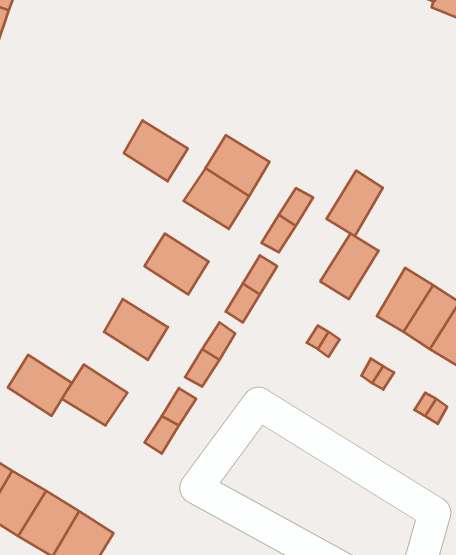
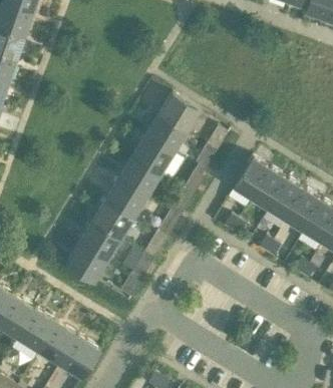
building: [124,120,188,181] -> [132,136,174,175]
building: [327,171,383,236] -> [251,168,287,211]
building: none -> [105,178,147,218]
building: [8,355,72,416] -> [80,221,121,260]

